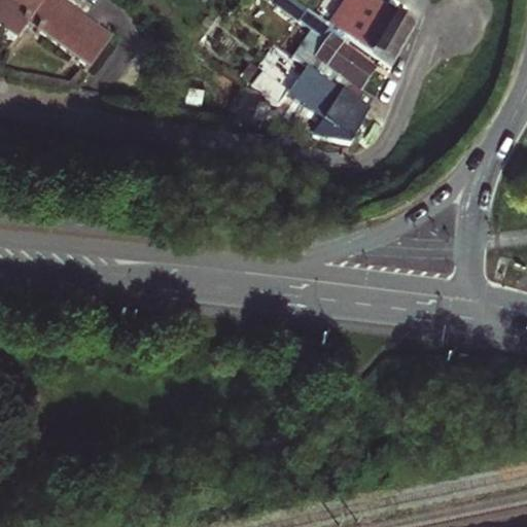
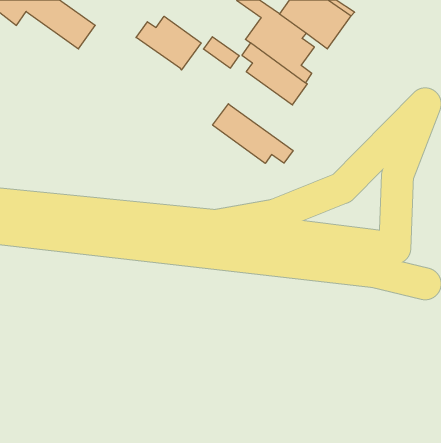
building: none -> [136,16,201,70]
building: none -> [213,104,293,163]

